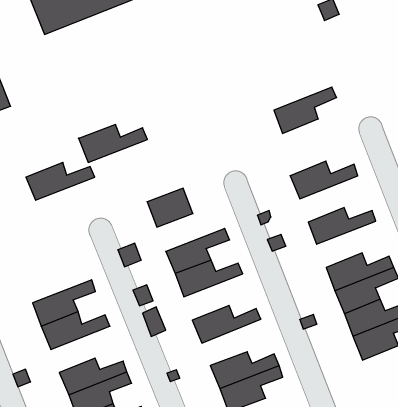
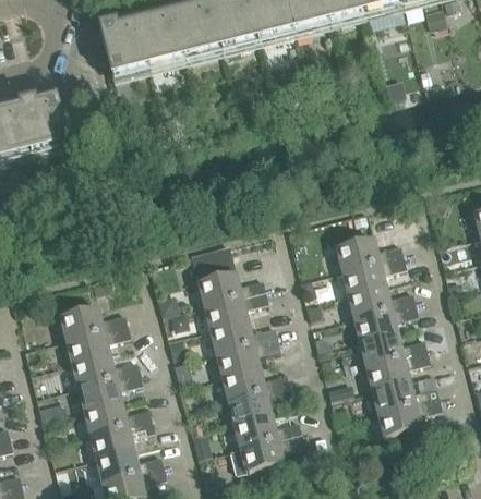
building: [274,87,337,133] -> [341,254,405,293]
building: [78,125,147,162] -> [196,270,264,304]
building: [26,162,95,200] -> [59,304,127,338]
building: none -> [352,301,417,340]
building: none -> [215,336,279,375]
building: none -> [227,382,291,422]
building: none -> [77,370,141,410]

